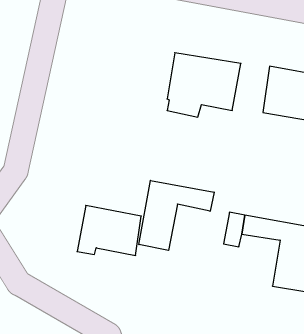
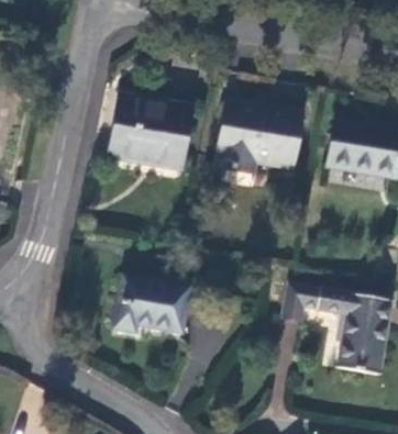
building: none -> [109,96,192,173]
building: [139,180,214,250] -> none

